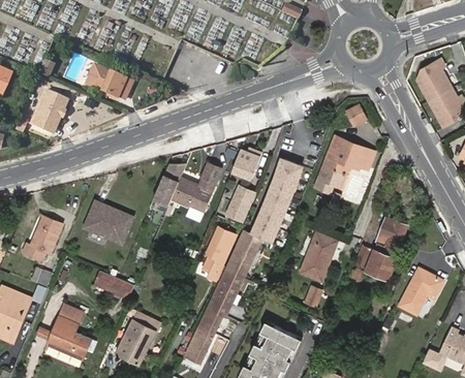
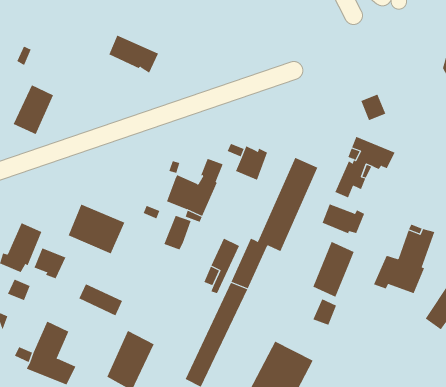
building: [86,69,130,103] -> [109,35,159,73]
building: [153,172,178,203] -> [163,215,192,250]
building: [230,183,256,215] -> none
building: none -> [322,204,365,234]
building: none -> [33,247,66,279]

